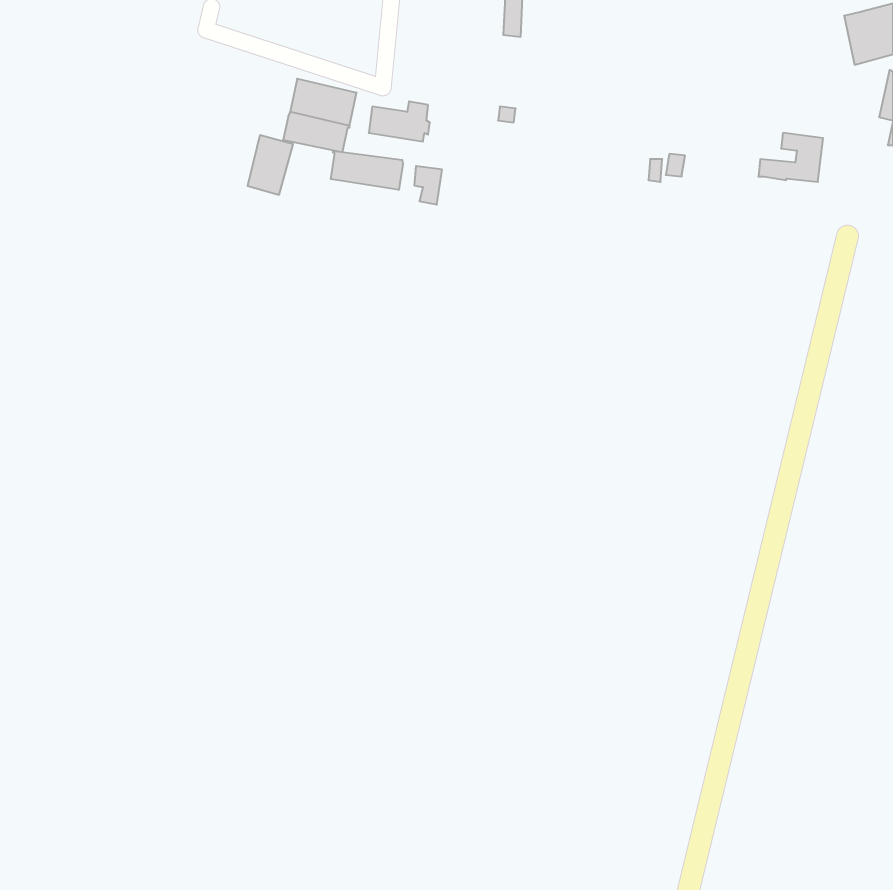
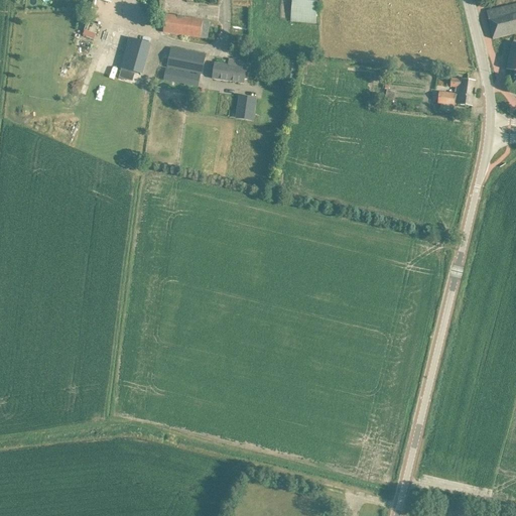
building: none -> [163,14,197,35]
building: [248,135,293,195] -> [122,37,148,72]
building: [331,151,403,190] -> none

